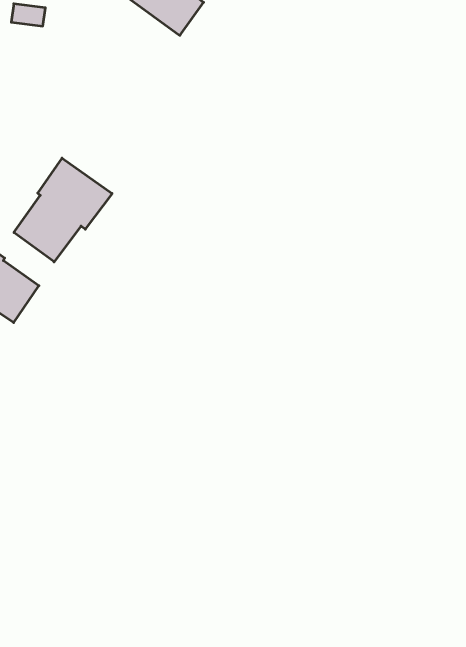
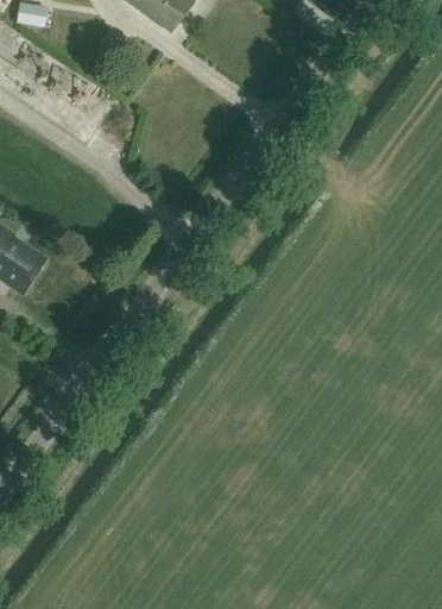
building: [14,158,112,262] -> none

